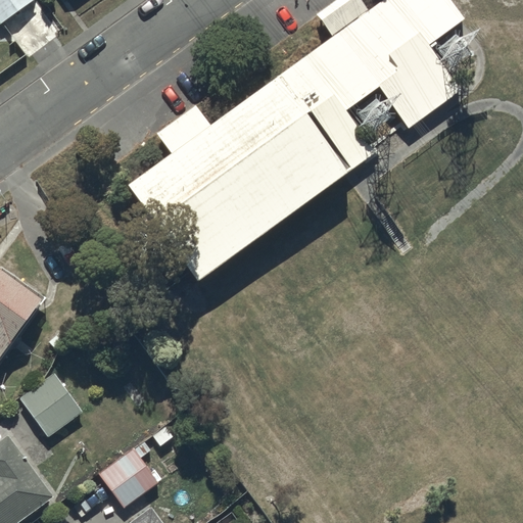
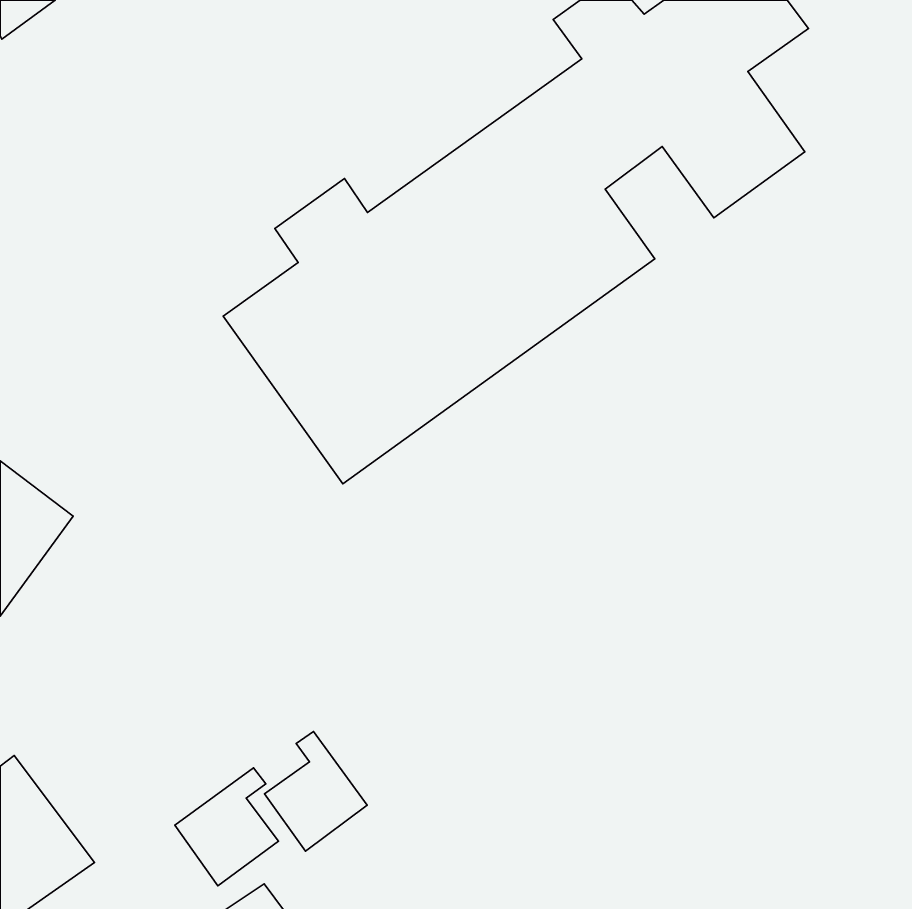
building: [20,374,82,437] -> none
building: none -> [264,732,367,851]

